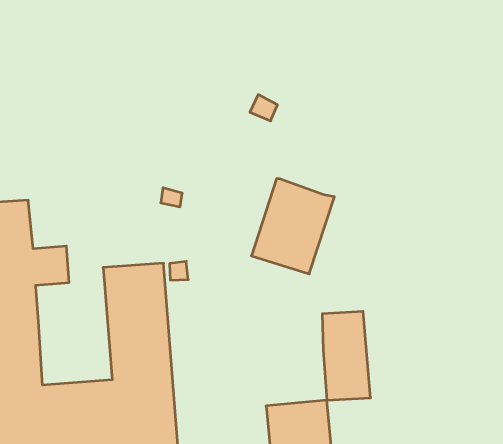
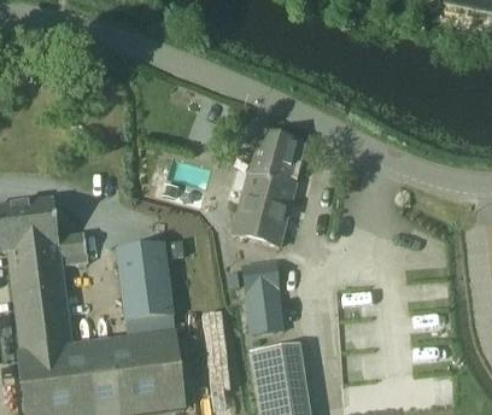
building: none -> [252,130,298,180]
building: [322,311,371,400] -> [242,259,285,332]

